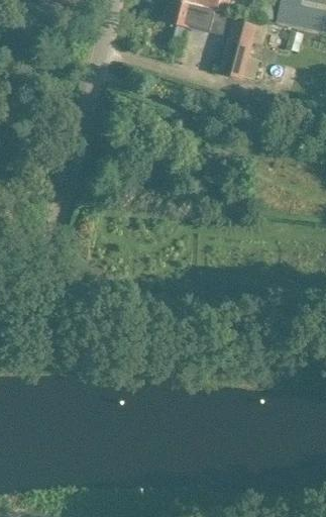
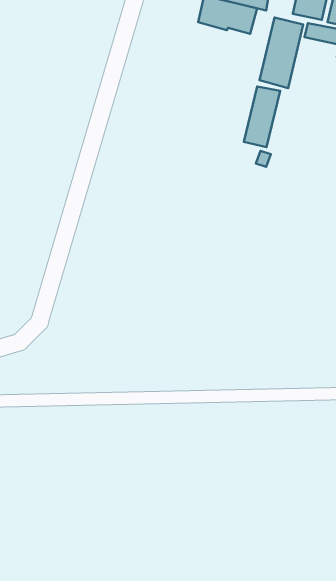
building: none -> [244,86,280,147]

